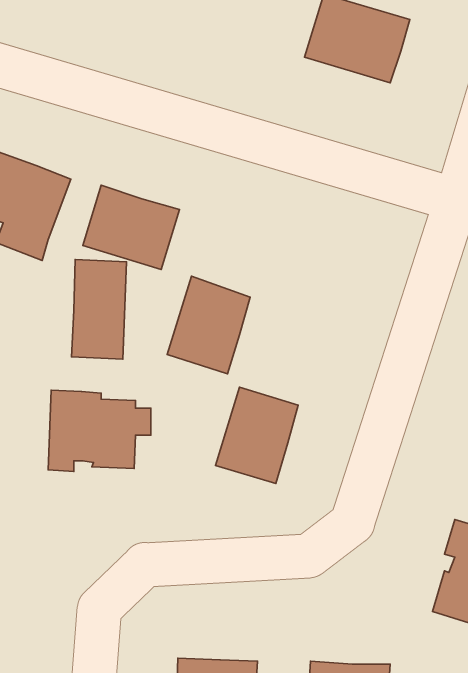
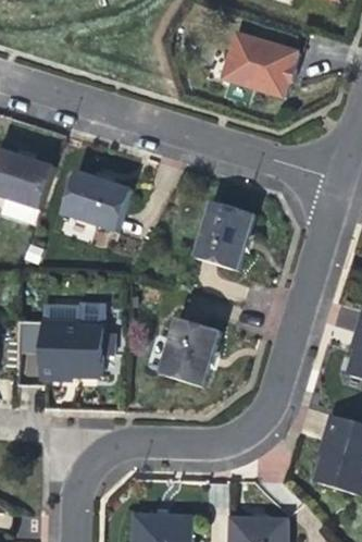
building: [71,259,127,359] -> none
building: [167,276,250,374] -> [194,198,253,269]

